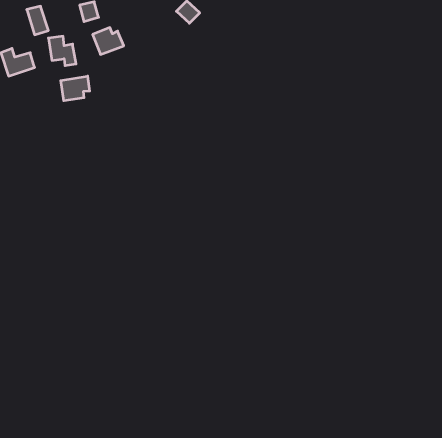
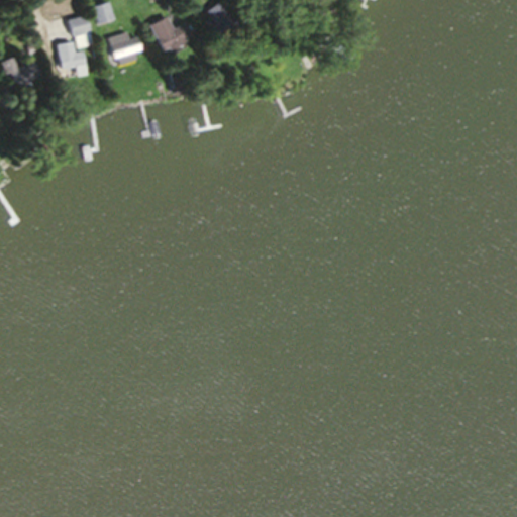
building: [27,6,48,35] -> [69,16,94,49]
building: none -> [149,18,193,51]
building: [61,76,90,101] -> none

